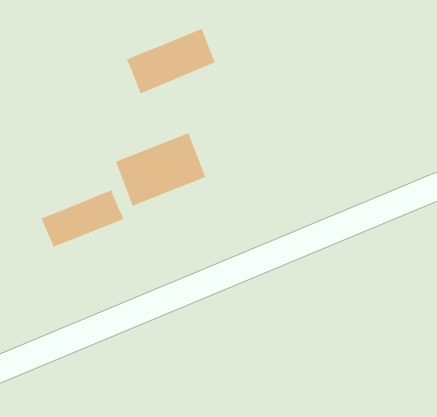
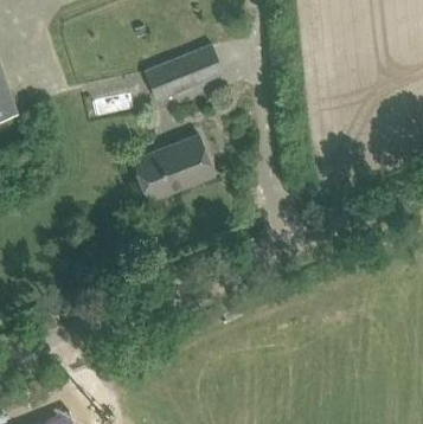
building: [41,189,124,247] -> none

